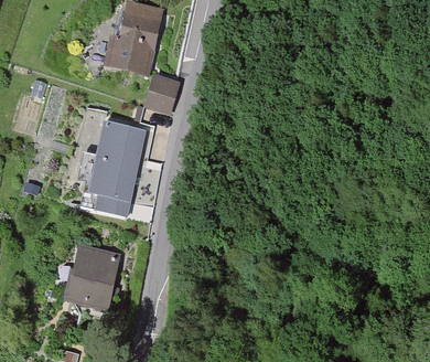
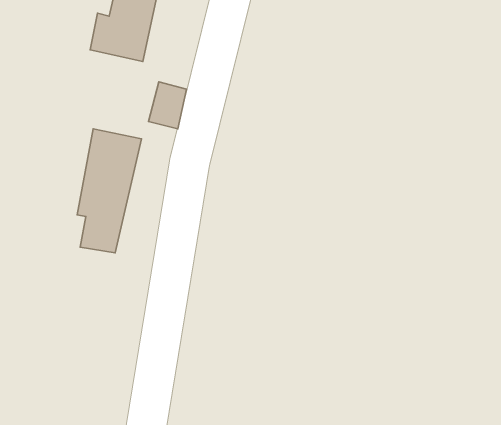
building: [76,252,118,305] -> none

